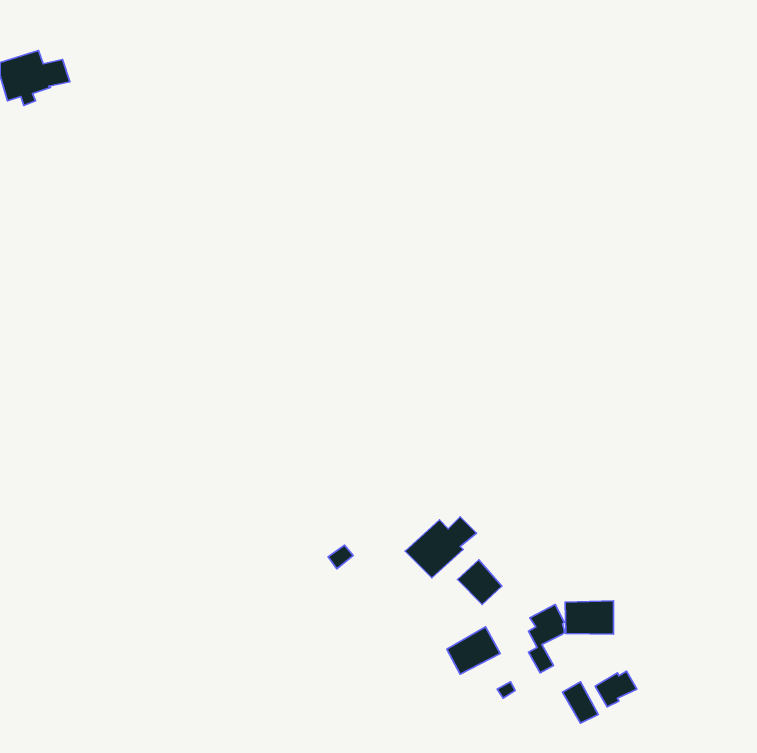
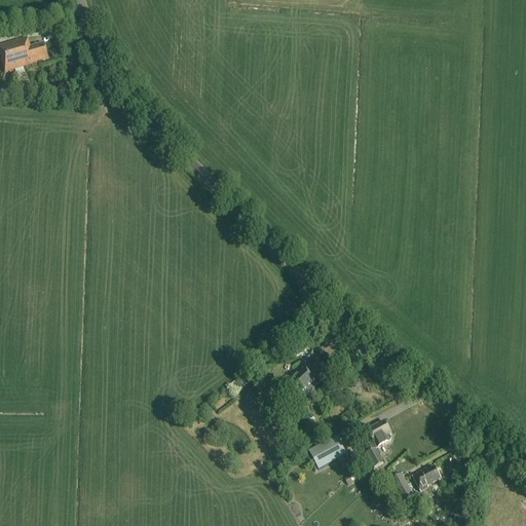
building: [458,560,502,605] -> none
building: [565,601,613,634] -> none

